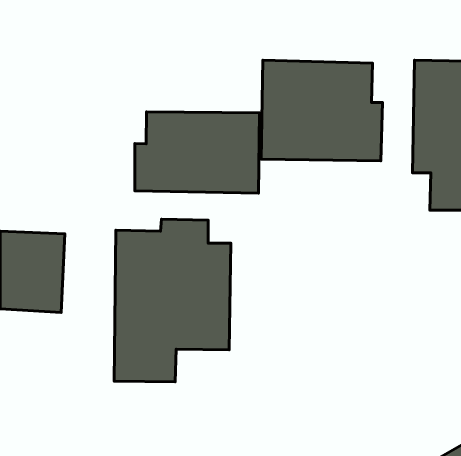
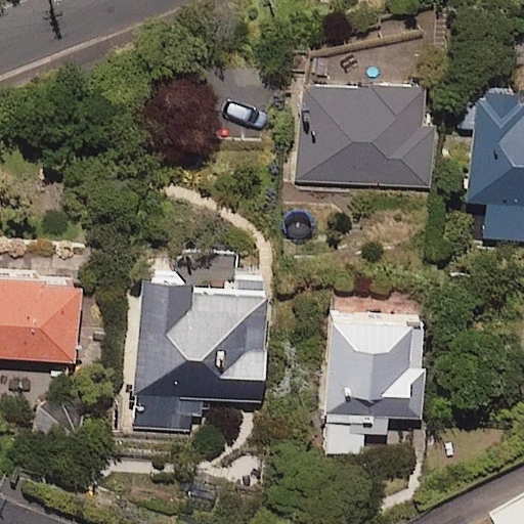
building: [135,112,260,193] -> none
building: none -> [328,307,422,463]

